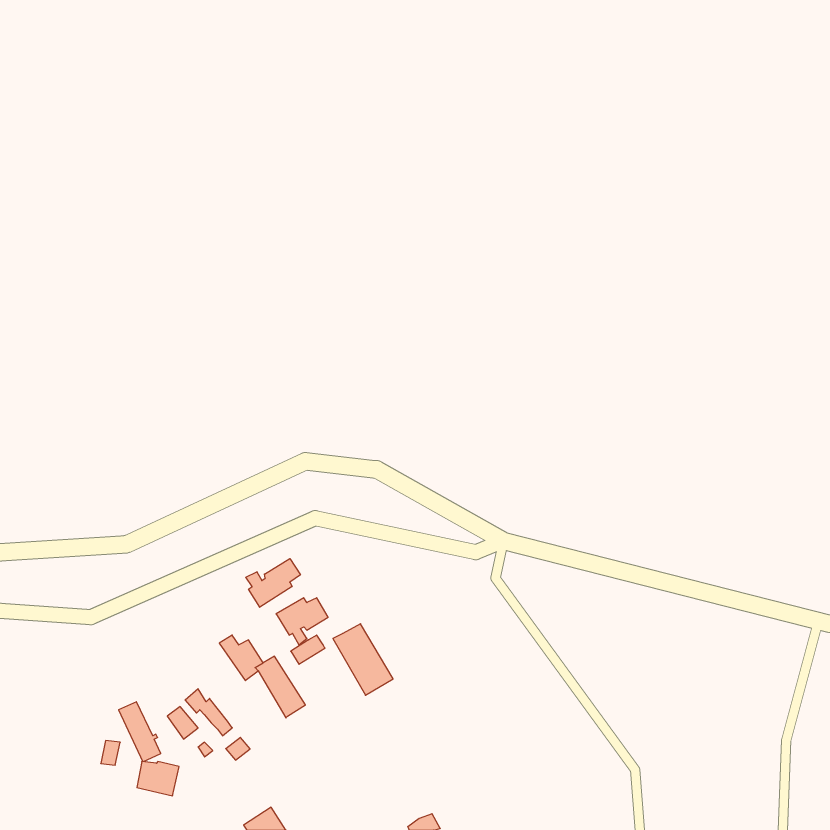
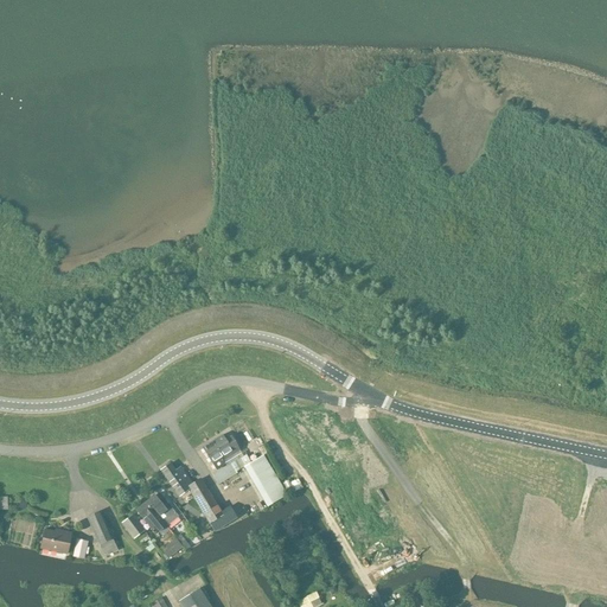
building: [246,559,300,607] -> none
building: none -> [145,493,178,526]
building: [137,762,179,796] -> [40,530,71,555]

